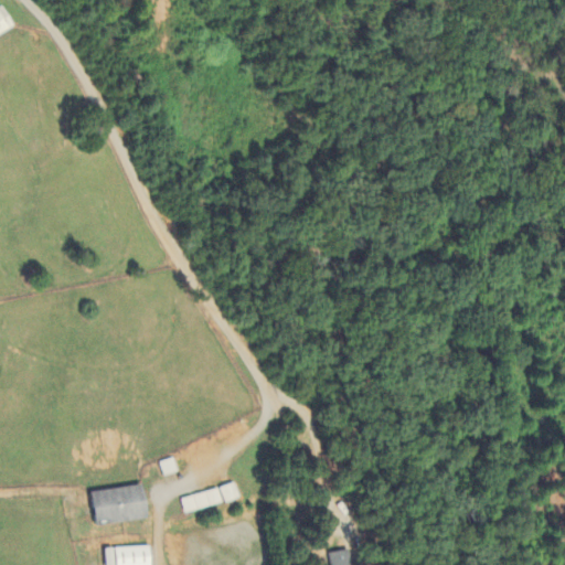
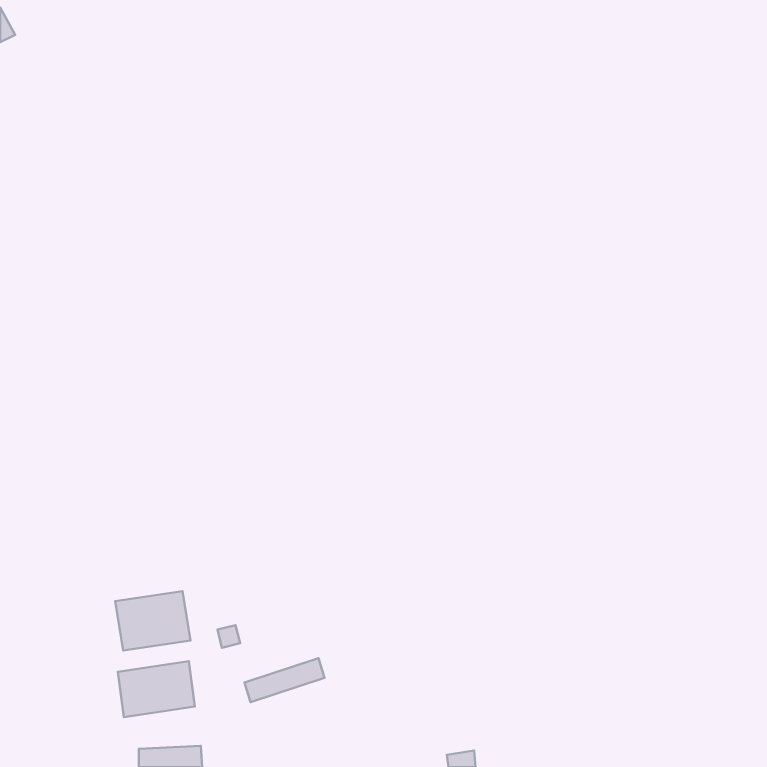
building: none -> [115,591,190,651]

